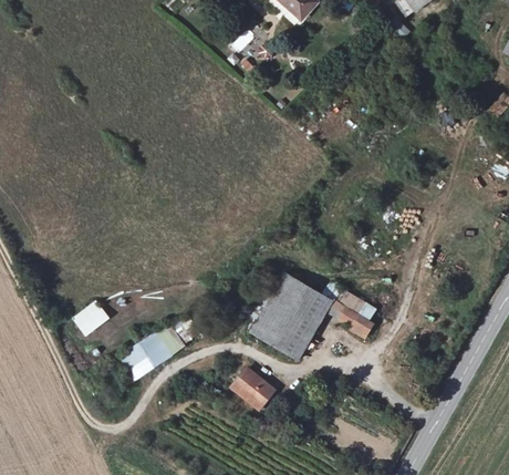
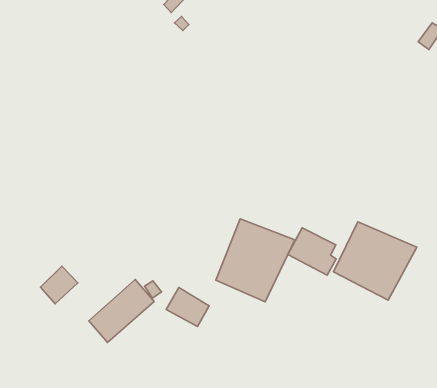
building: none -> [334,222,417,300]
building: [230,368,274,410] -> [166,287,209,327]

